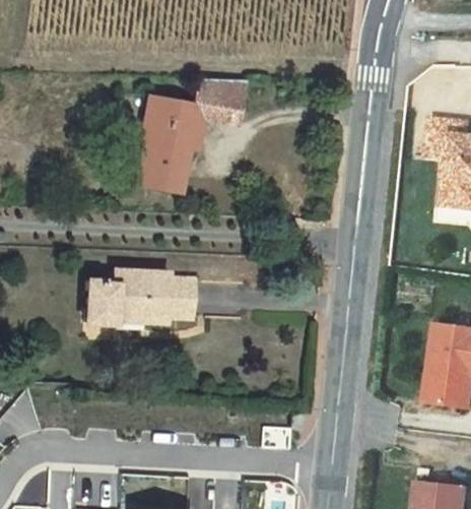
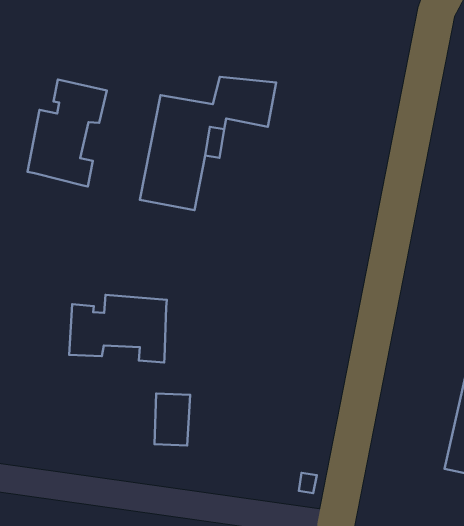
building: none -> [27,79,107,186]
building: [173,278,202,322] -> [155,393,190,446]

